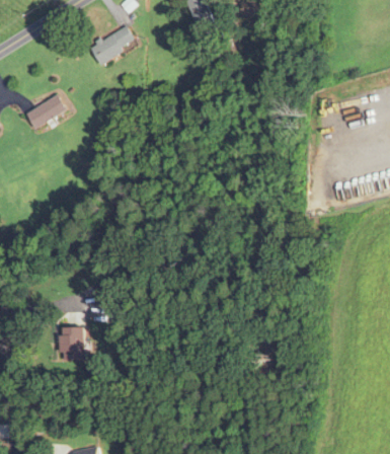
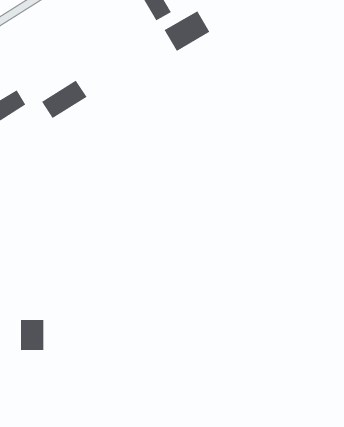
building: none -> [164,10,210,52]
building: [89,25,136,65] -> [41,80,87,119]

